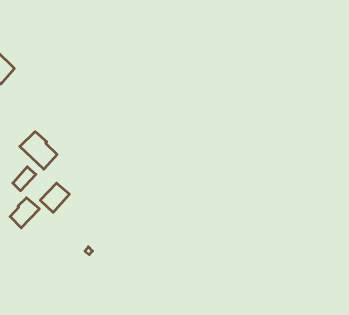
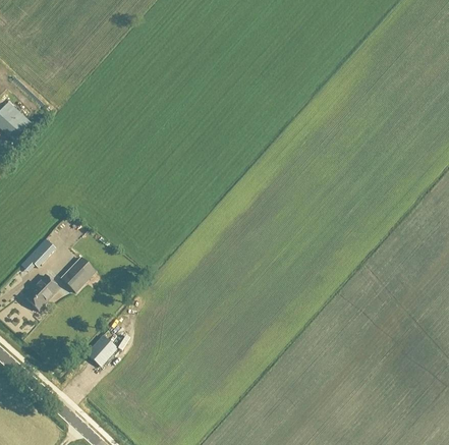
building: [20,132,57,169] -> none
building: none -> [88,335,118,367]

